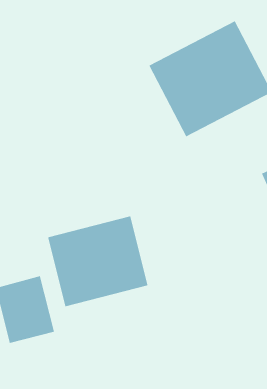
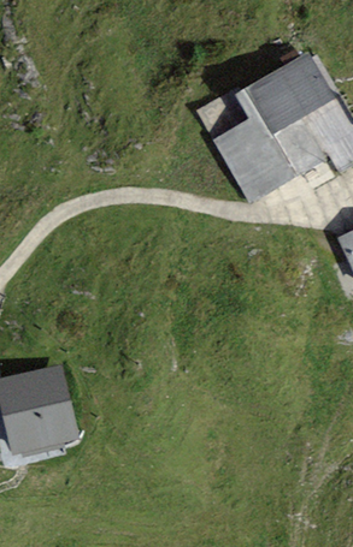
building: [47,216,148,307] -> none

